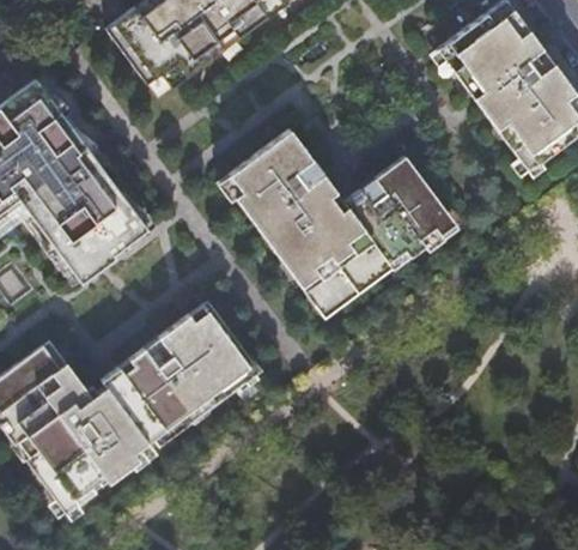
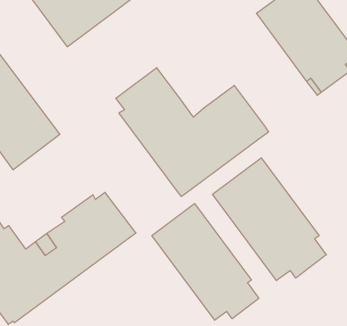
building: none -> [213,158,326,281]
building: none -> [152,204,259,320]

